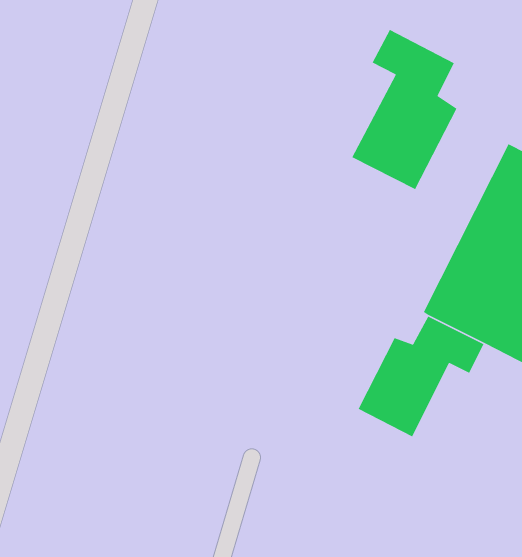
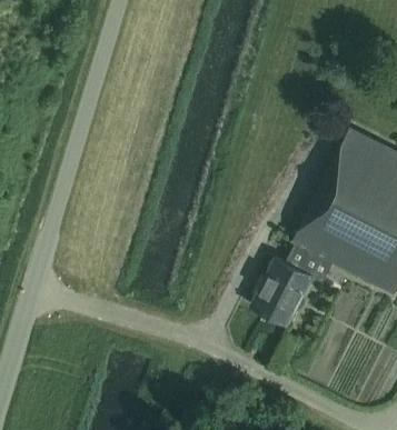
building: [351,29,457,190] -> none

